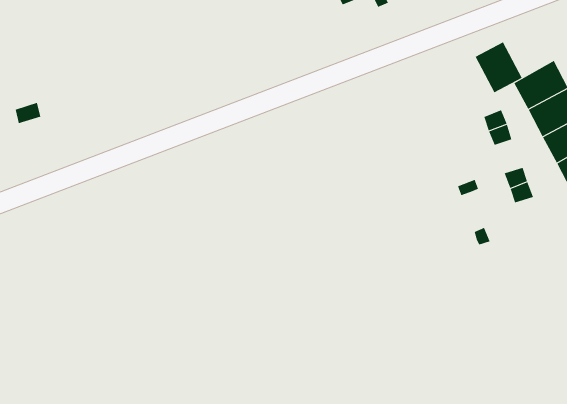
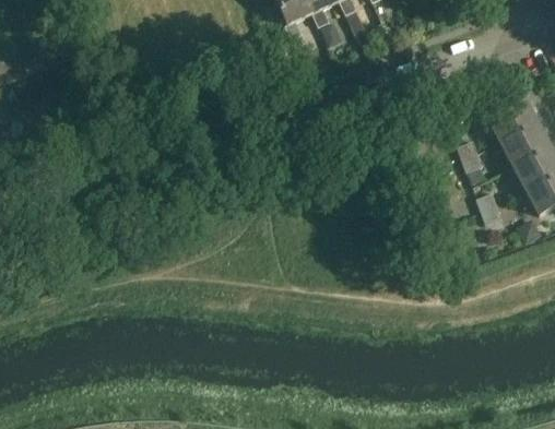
building: [475,41,522,93] -> none

